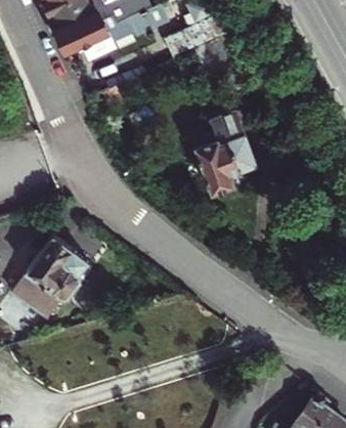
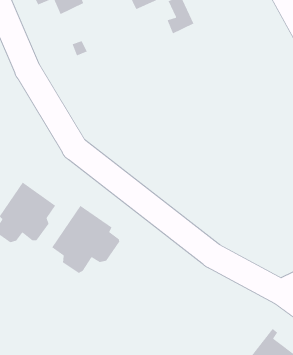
building: [193,136,253,194] -> none
building: none -> [51,205,120,274]

